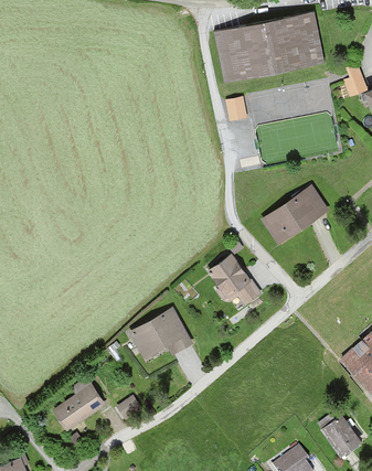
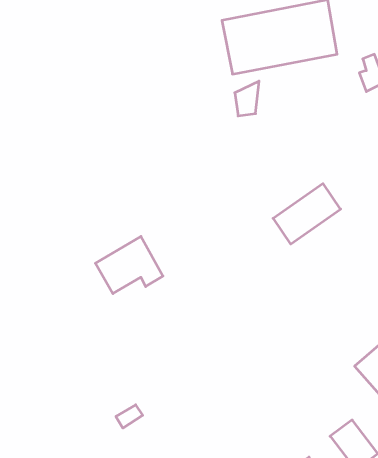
building: [206,250,263,307] -> none
building: [130,307,194,361] -> [95,236,163,294]
building: [51,381,106,431] -> none

